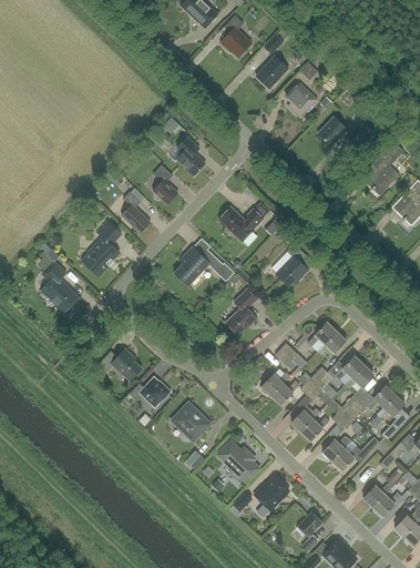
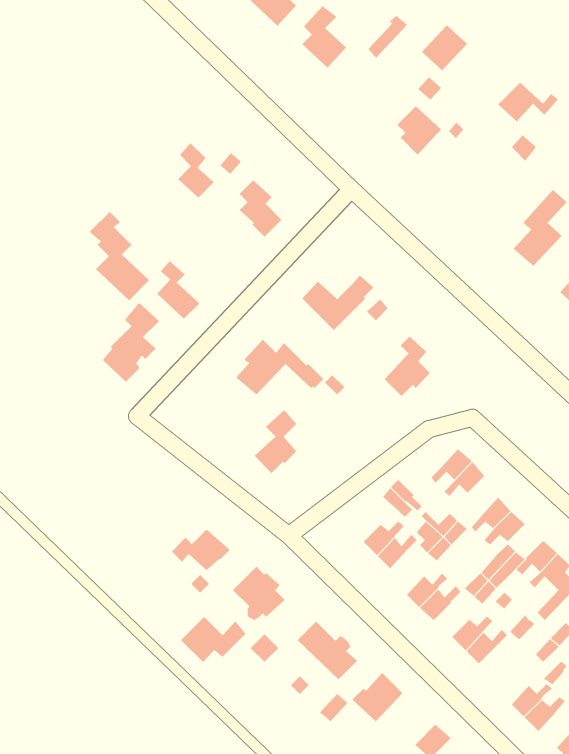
building: [254,59,286,91] -> [421,24,468,71]
building: [317,119,359,146] -> [498,82,559,122]
building: [152,164,177,203] -> [177,142,214,198]
building: [37,248,79,311] -> [89,211,150,301]
building: [226,288,256,333] -> [254,409,297,474]
building: [99,347,142,381] -> none
building: none -> [180,616,246,663]

